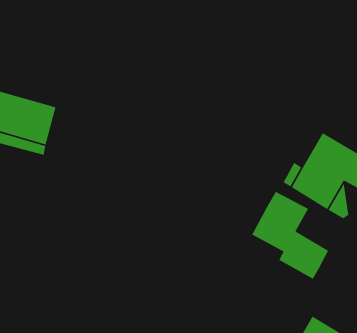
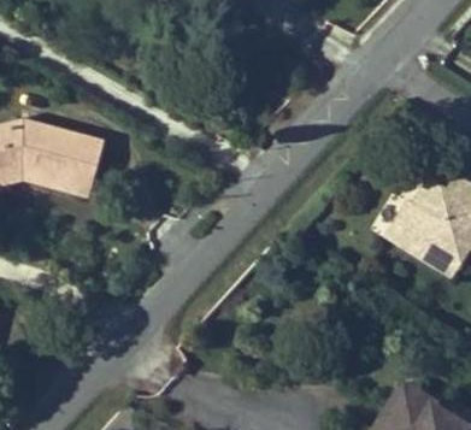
building: [251,191,329,280] -> none

